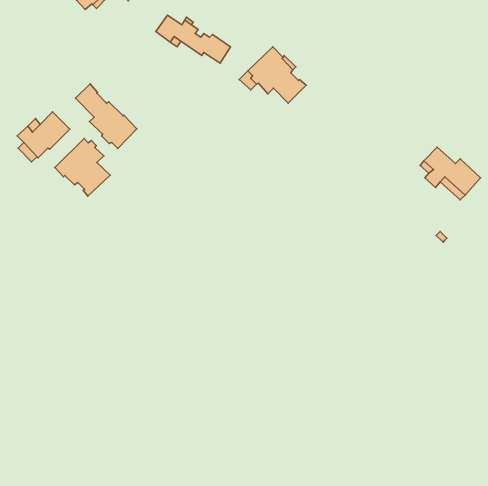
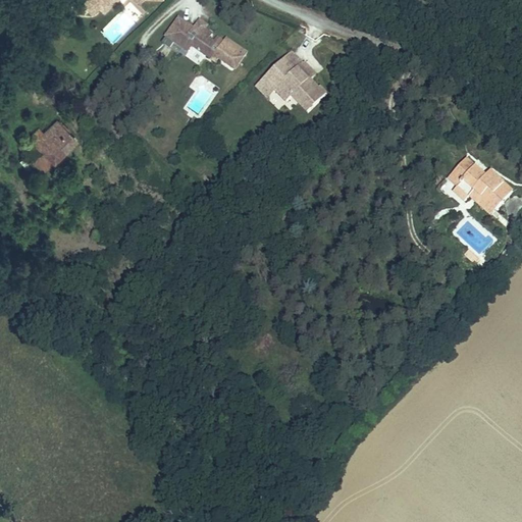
building: [75,84,137,149] -> none
building: [55,139,110,196] -> none

